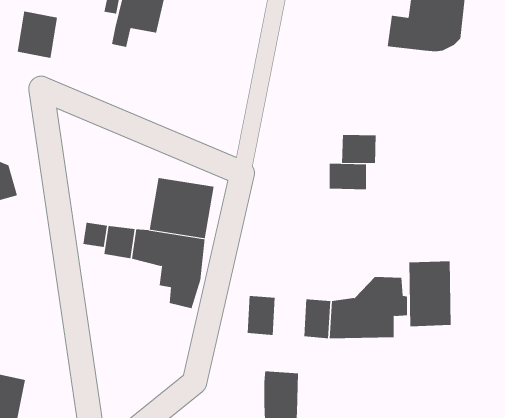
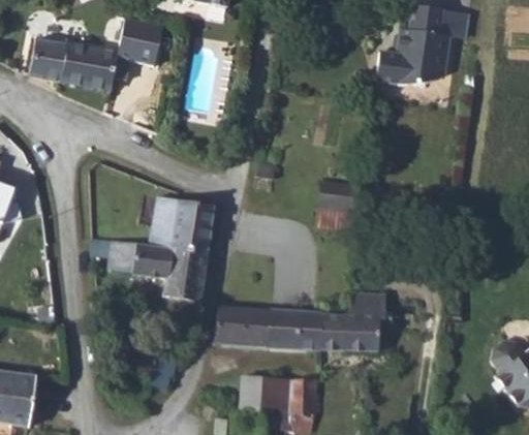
building: none -> [61,50,120,97]
building: [341,134,376,164] -> none
building: [409,260,451,327] -> none
building: none -> [216,306,245,343]
building: none -> [268,310,298,346]
building: none -> [290,380,317,417]

